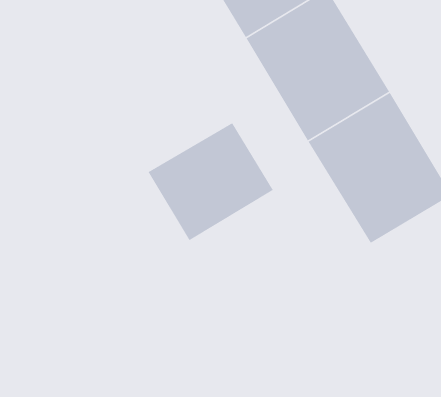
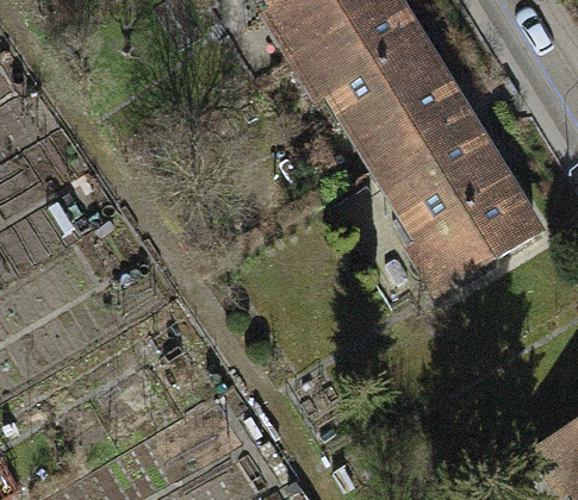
building: [148,122,274,241] -> none

